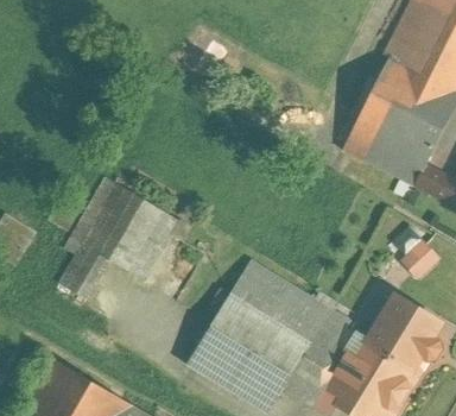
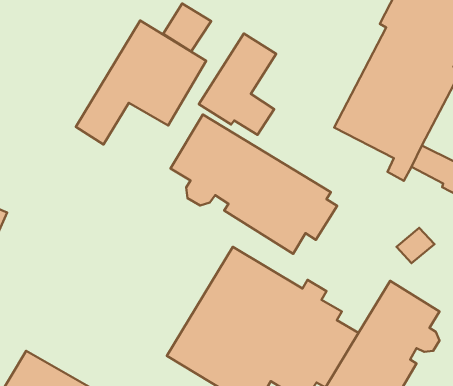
building: none -> [199,33,276,135]
building: none -> [171,115,337,254]
building: [58,183,180,300] -> [76,20,206,145]

